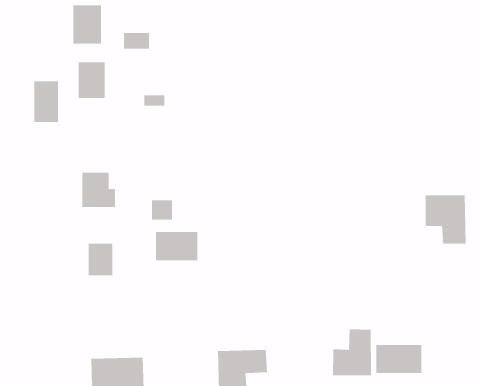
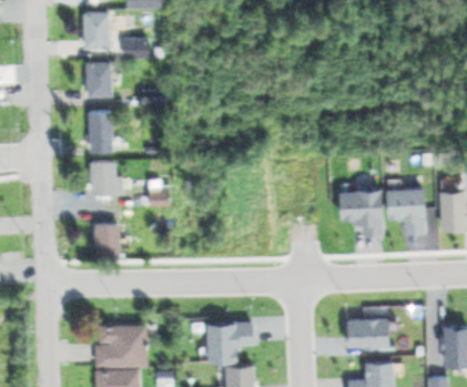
building: [33,81,59,123] -> [90,116,112,153]
building: none -> [343,185,383,230]
building: [155,231,198,261] -> none
building: [333,328,371,376] -> none

